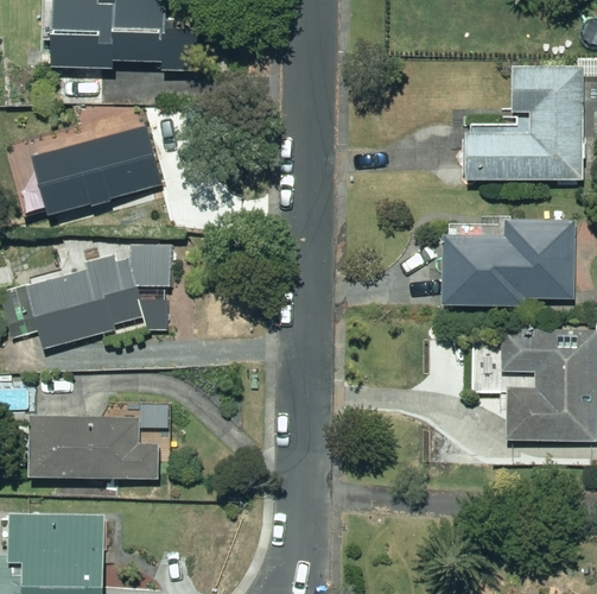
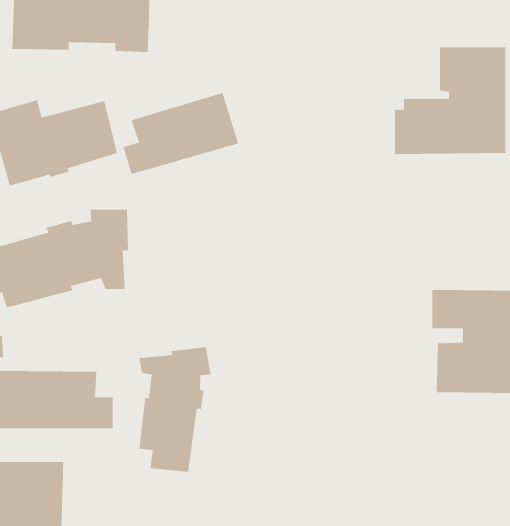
building: none -> [123,92,239,175]
building: [440,217,577,307] -> none
building: none -> [139,347,211,473]

